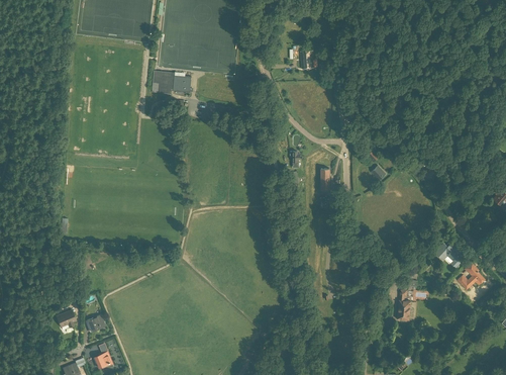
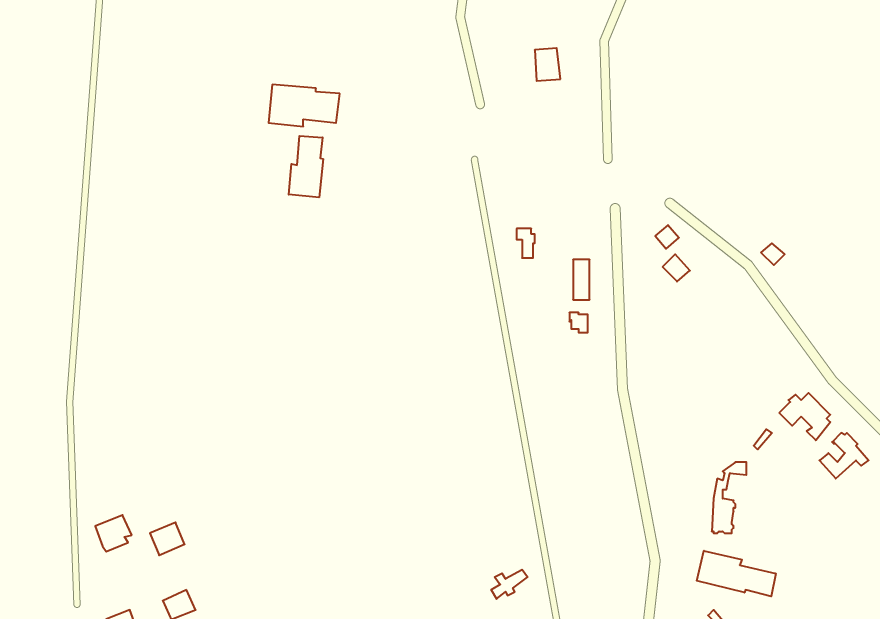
building: none -> [289,136,323,197]
building: none -> [697,551,776,596]

